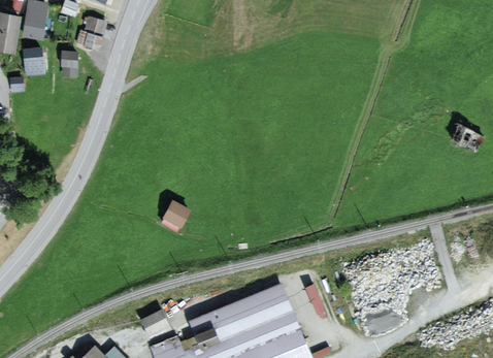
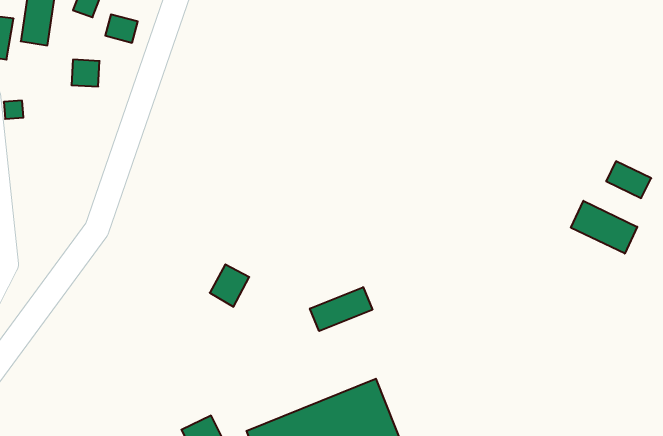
building: [22,50,43,74] -> none
building: none -> [571,201,637,254]
building: none -> [310,287,372,331]

